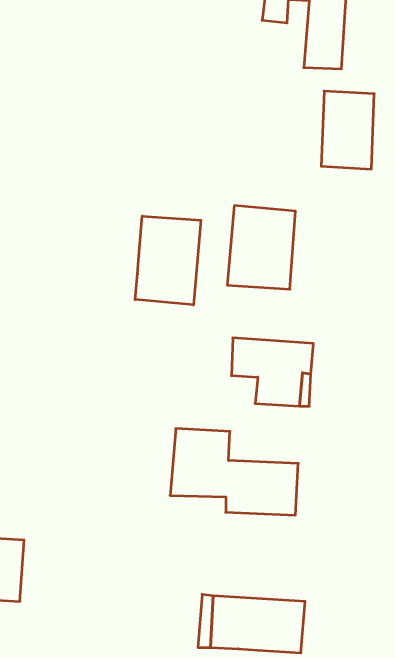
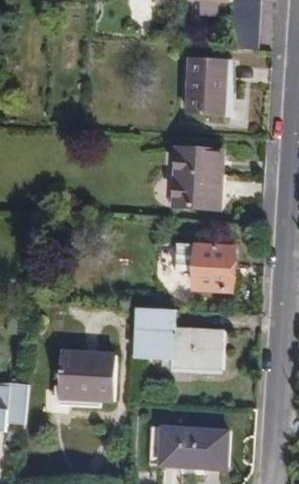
building: [321,91,374,169] -> [187,59,225,115]
building: [135,216,201,305] -> none
building: none -> [60,351,115,402]

